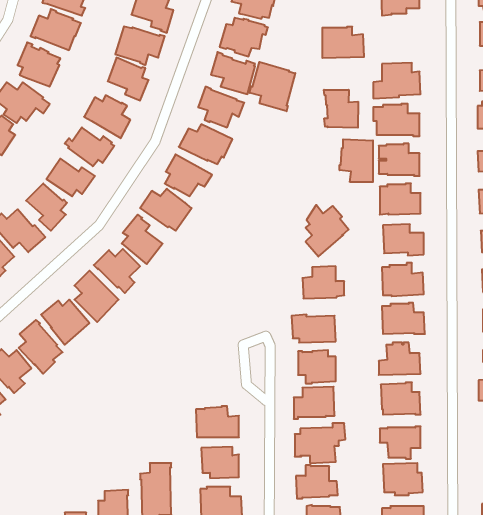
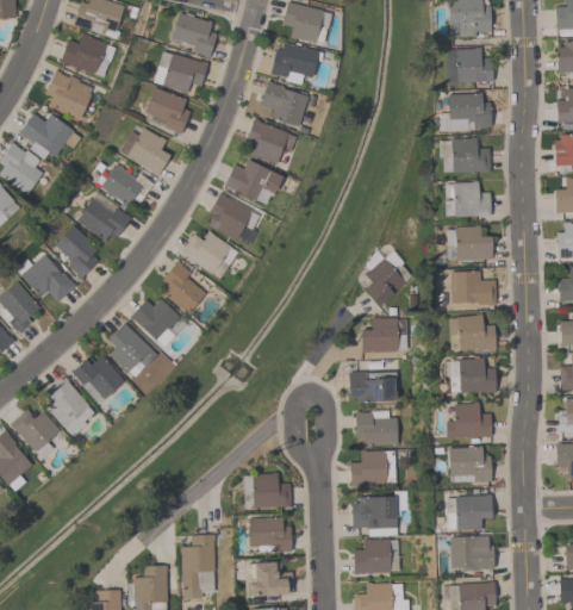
building: [322,27,364,58] -> [448,48,494,82]
building: [250,62,295,111] -> none
building: [324,90,358,128] -> none
building: [340,139,373,182] -> none

